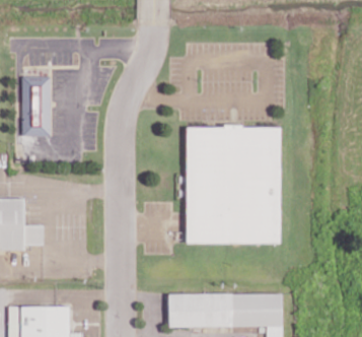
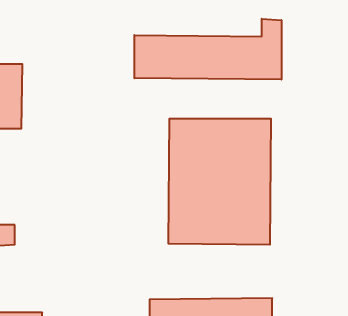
building: none -> [134,19,281,80]

